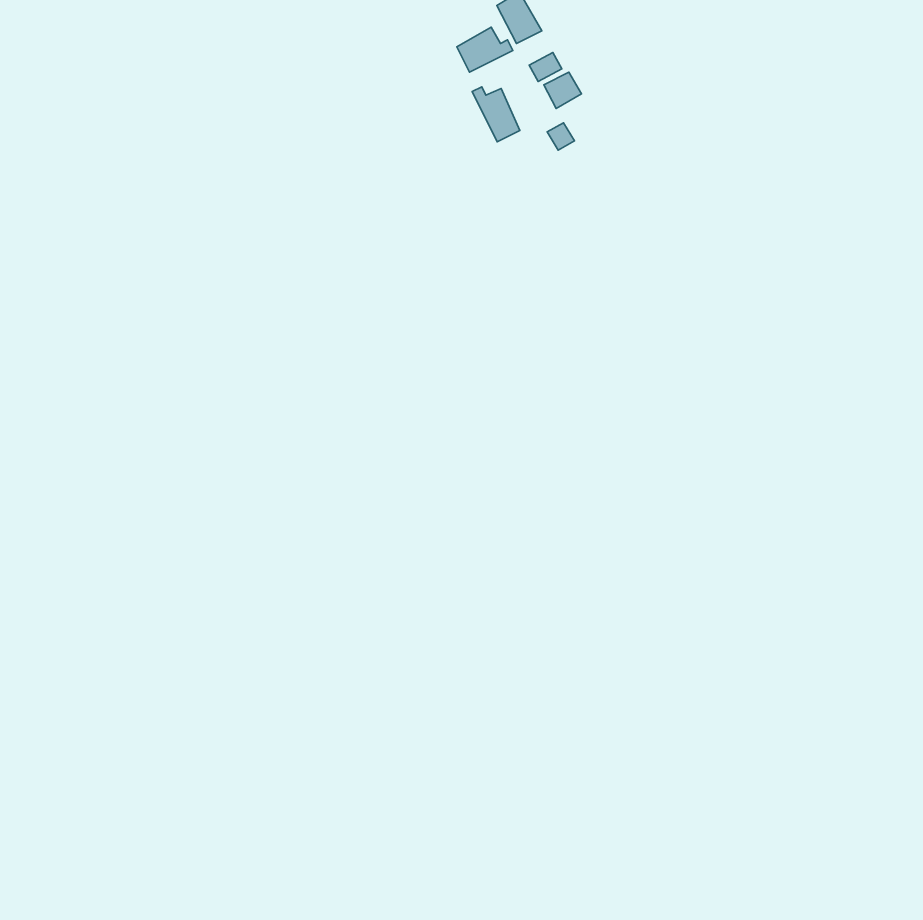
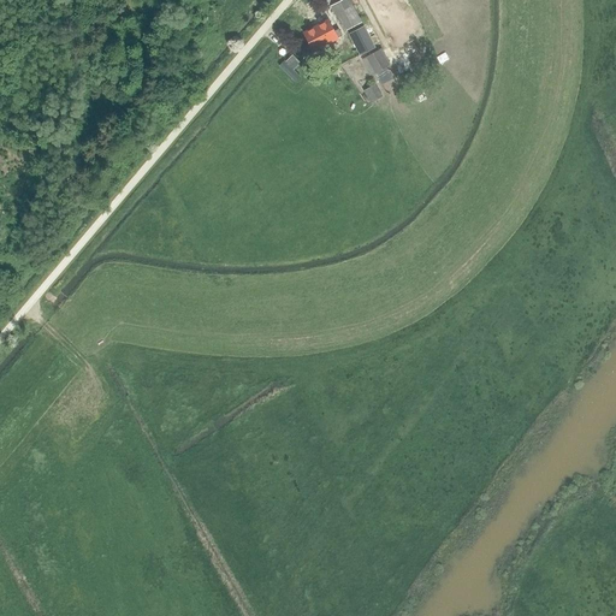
building: [472,87,520,142] -> none

